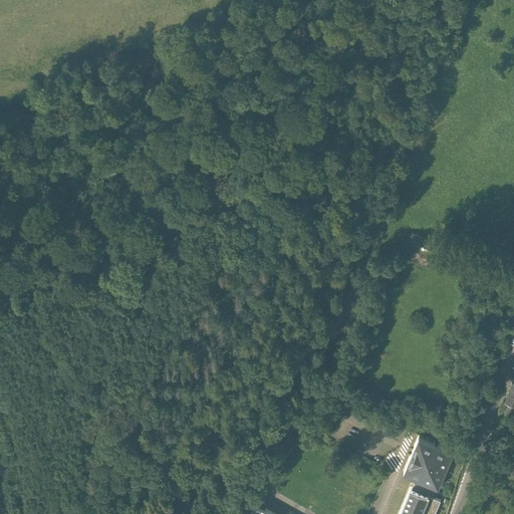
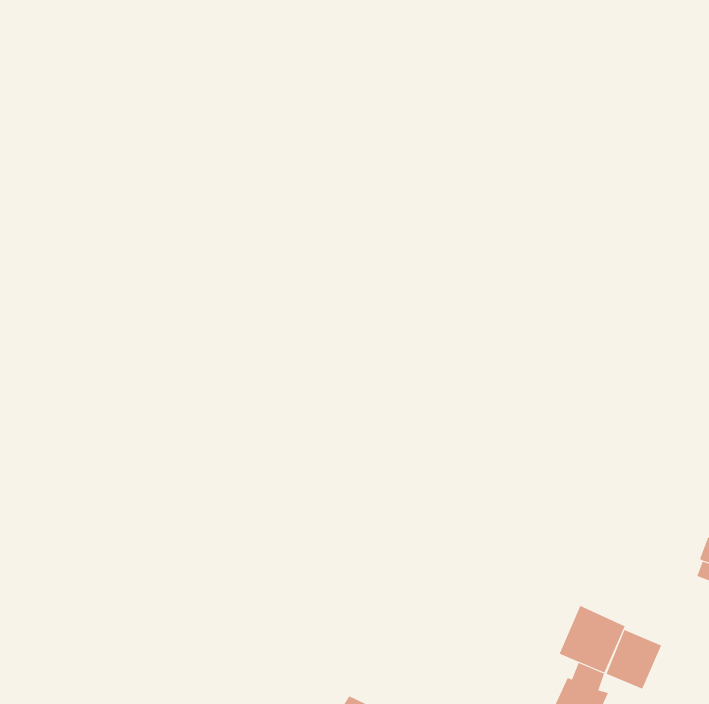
building: none -> [606,629,662,689]

